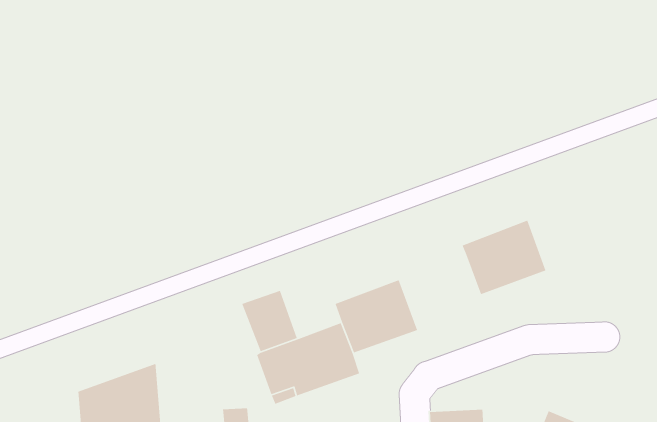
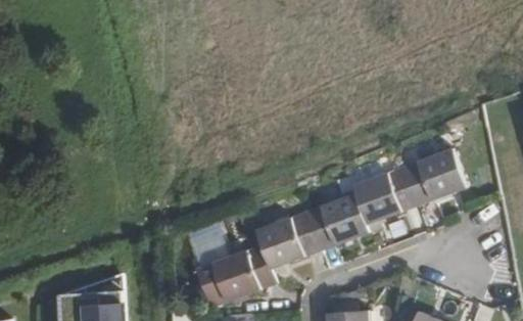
building: none -> [400,148,465,205]
building: none -> [303,193,368,250]

